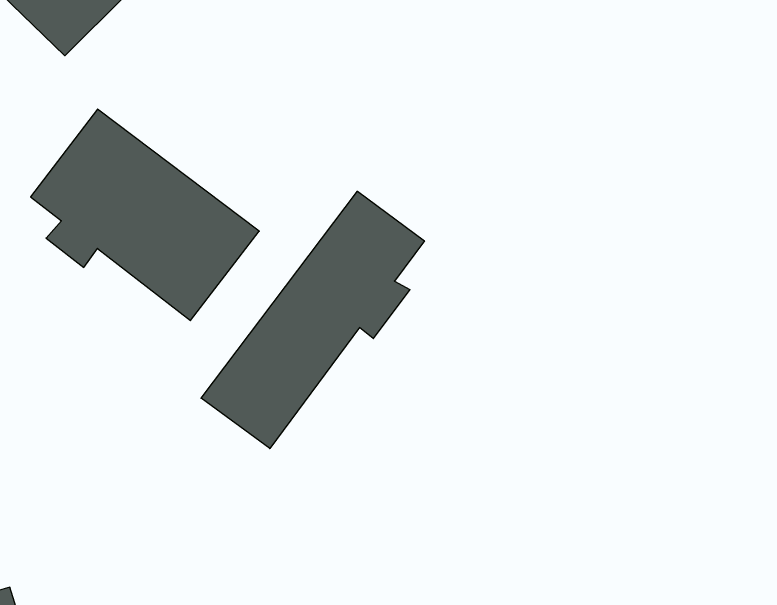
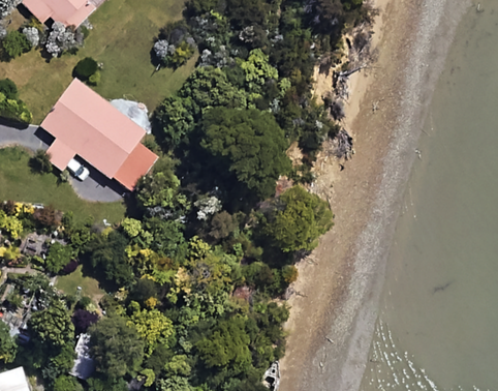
building: [201,191,424,449] -> none

